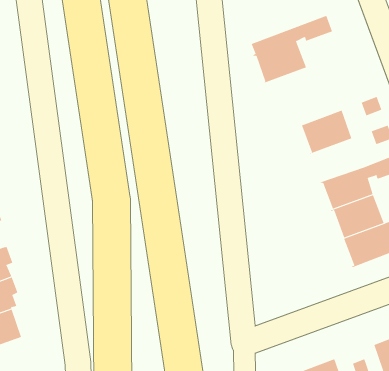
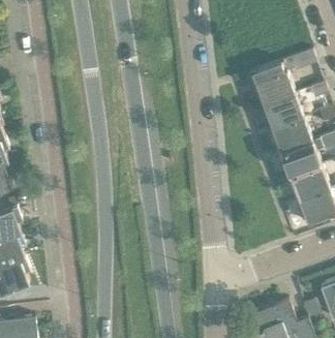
building: [251,15,333,84] -> [248,50,316,106]
building: none -> [267,117,312,153]

